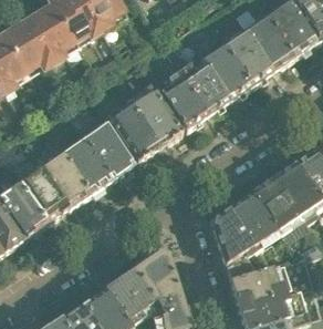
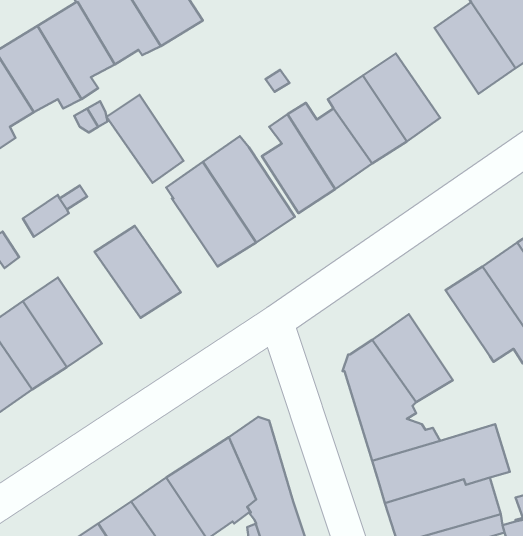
building: [233,11,293,72] -> none
building: [86,124,133,177] -> [106,95,184,183]
building: [40,153,90,208] -> none
building: [251,176,300,234] -> none

